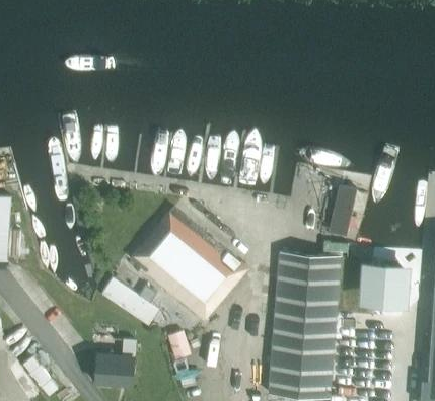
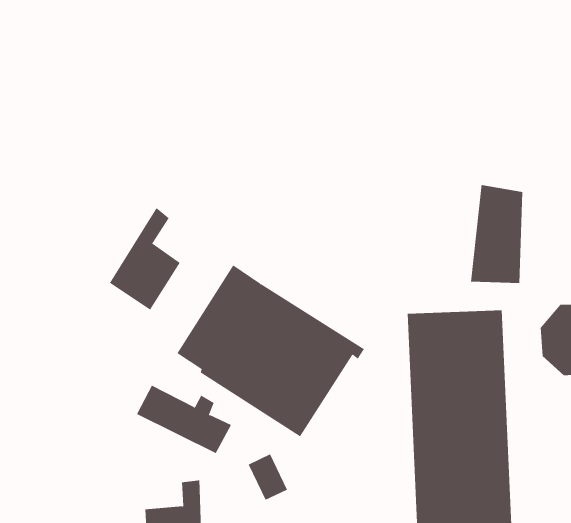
building: none -> [109,207,181,310]

